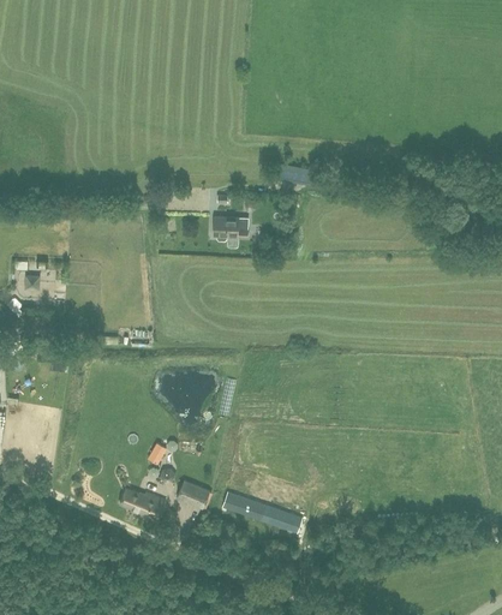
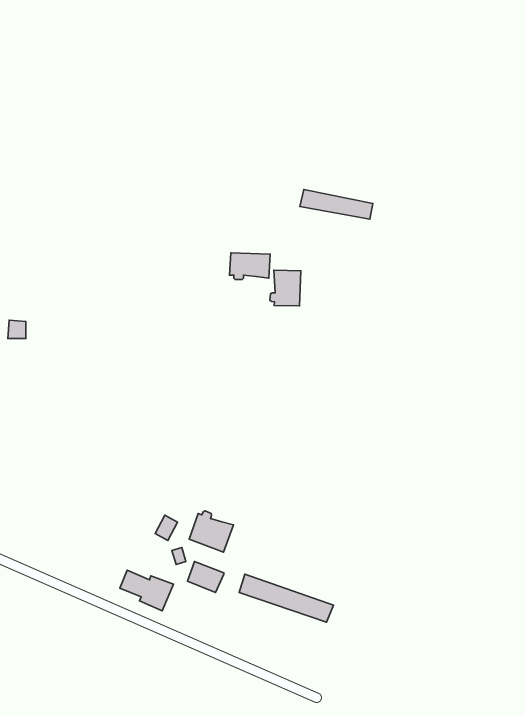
building: none -> [270,270,301,306]
building: none -> [189,511,233,552]

